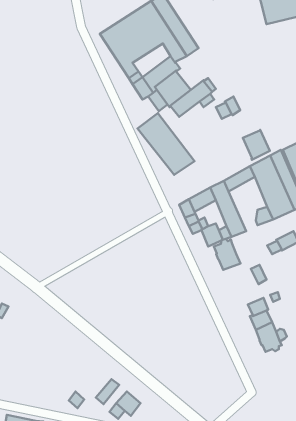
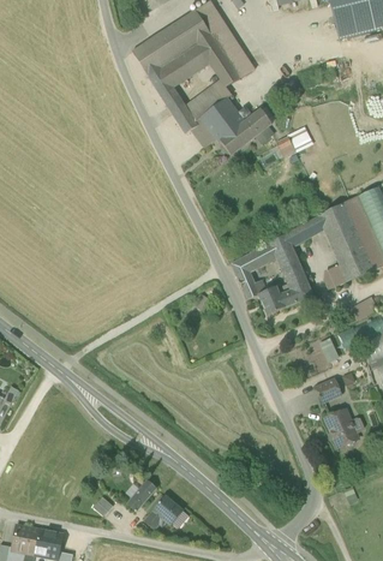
building: [138,113,195,175] -> none
building: [243,130,270,160] -> none
building: [214,239,241,270] -> none

